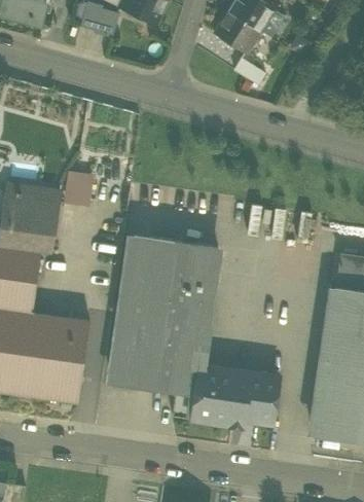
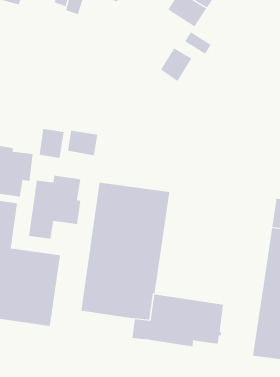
building: none -> [160,47,192,82]
building: none -> [68,130,98,156]
building: none -> [28,175,81,240]

